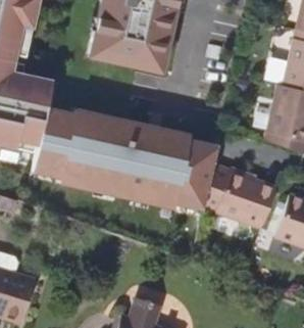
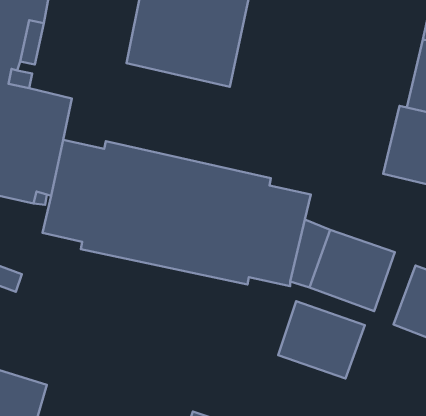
building: none -> [278,301,365,378]

